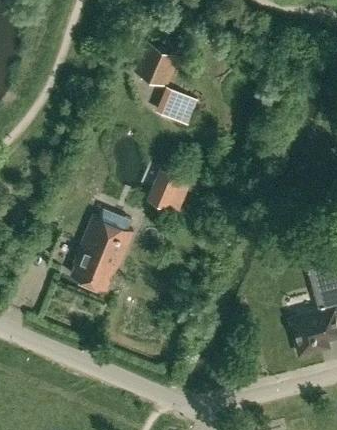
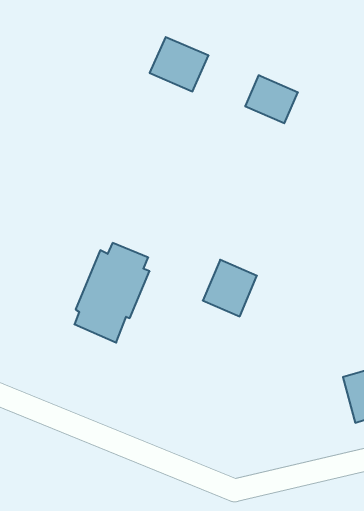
building: [155,87,198,126] -> [245,75,298,123]
building: [148,171,192,217] -> [203,260,257,316]

